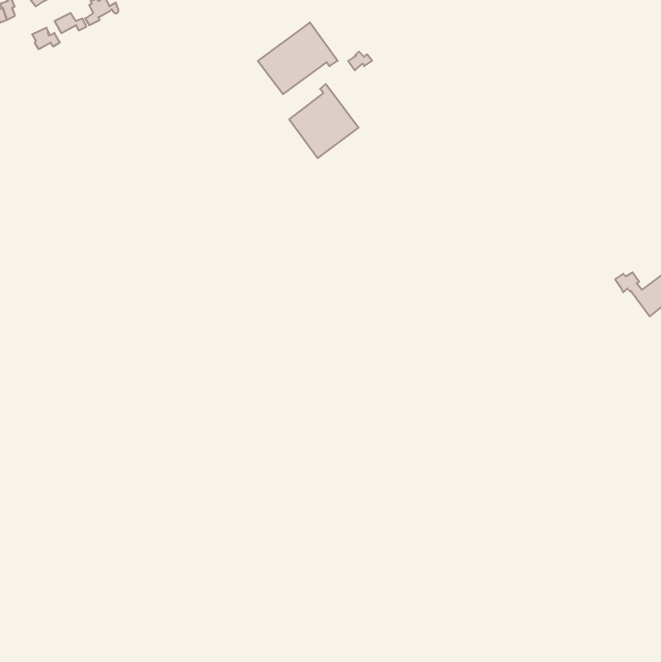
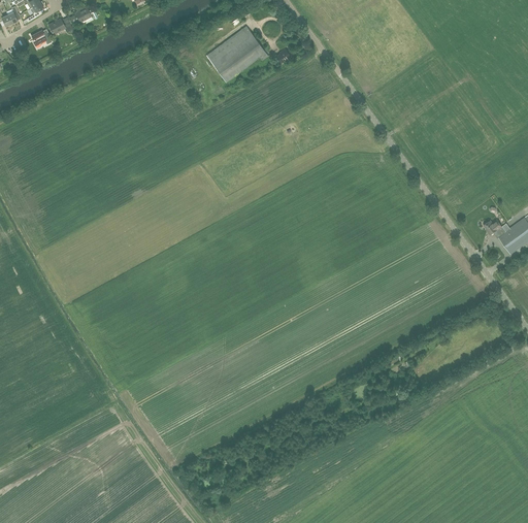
building: [289,84,359,158] -> none

